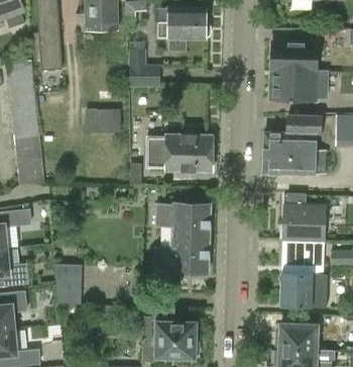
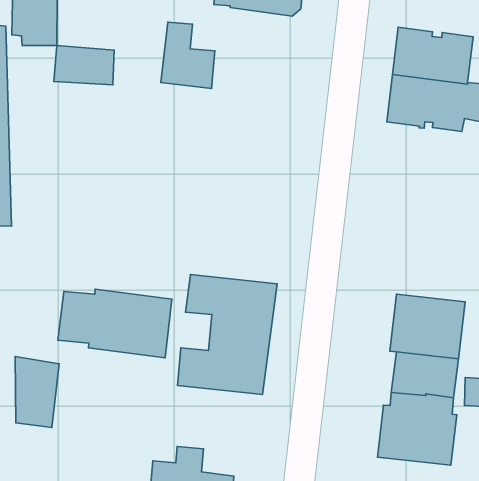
building: [85,109,121,131] -> [54,45,114,85]
building: [263,116,325,175] -> none
building: [145,134,213,173] -> [58,289,172,358]

